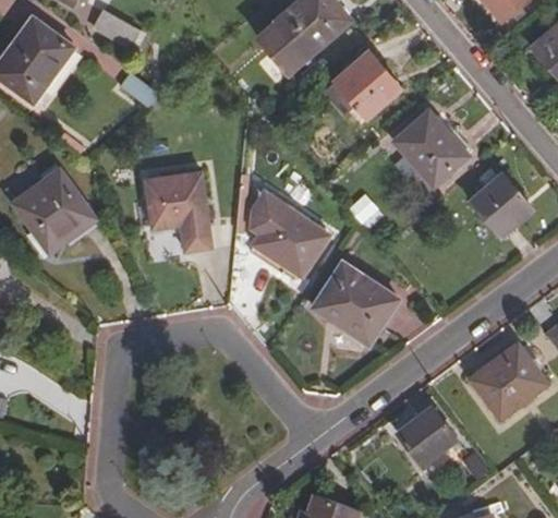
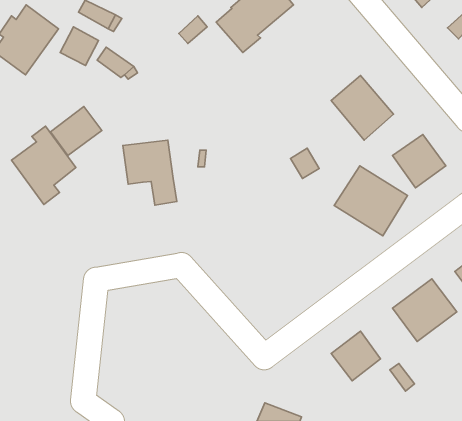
building: [326,46,409,118] -> none
building: none -> [60,27,98,66]
building: none -> [51,107,102,156]
building: [254,197,329,279] -> none
building: [312,262,399,345] -> [334,166,408,236]

